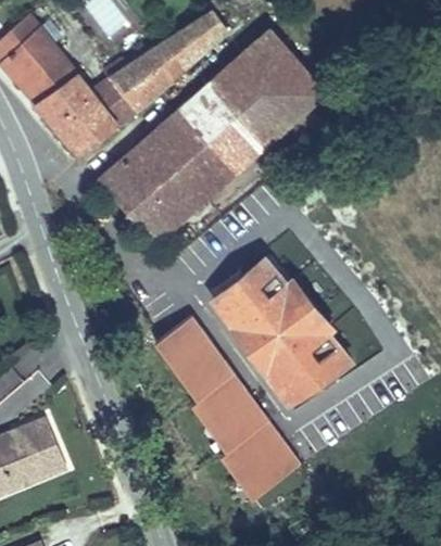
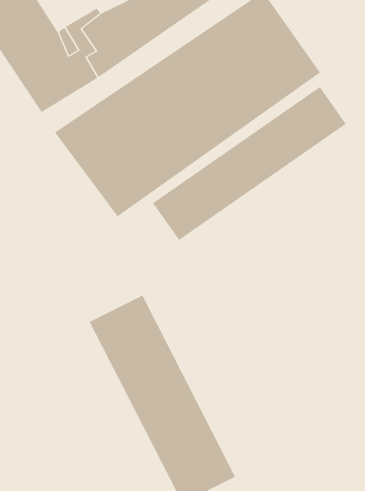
building: none -> [152,86,347,241]
building: [202,253,356,409] -> none

